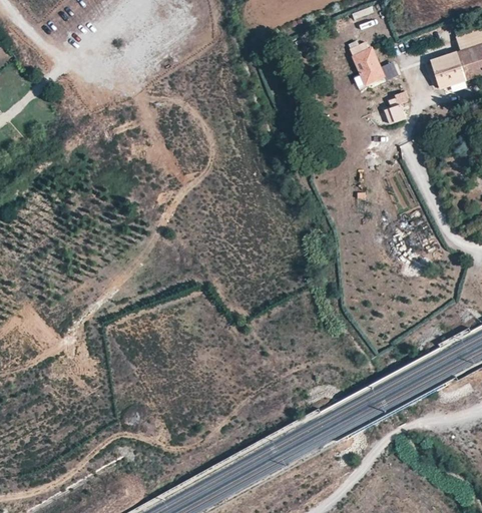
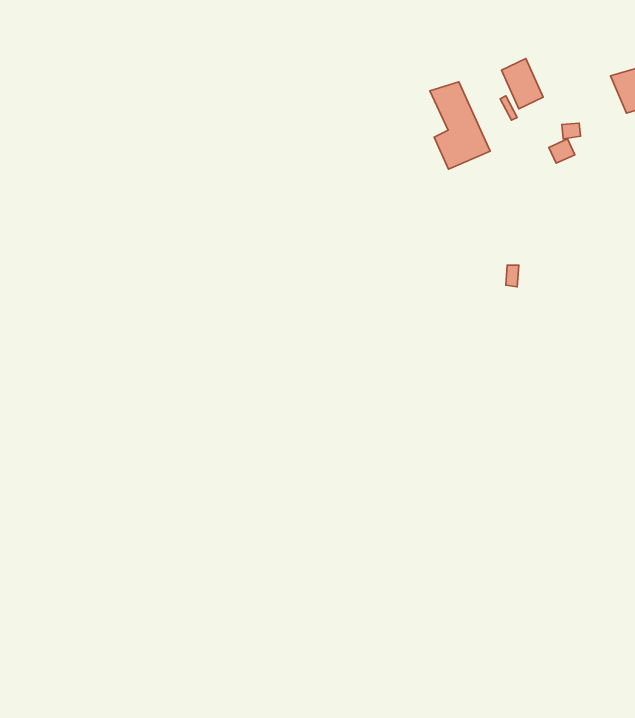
building: none -> [430,82,490,169]

